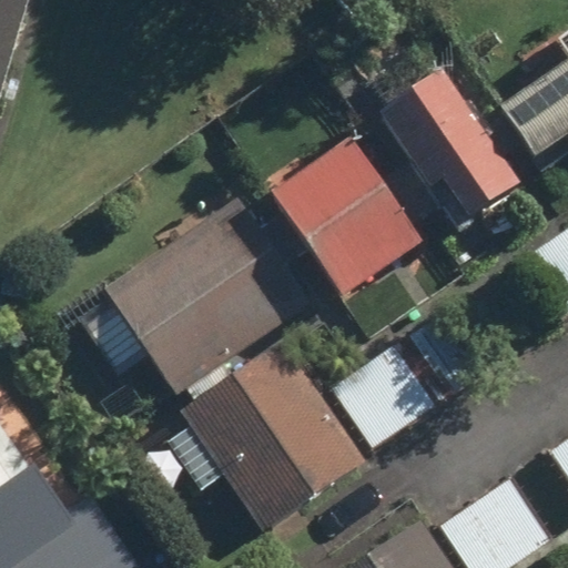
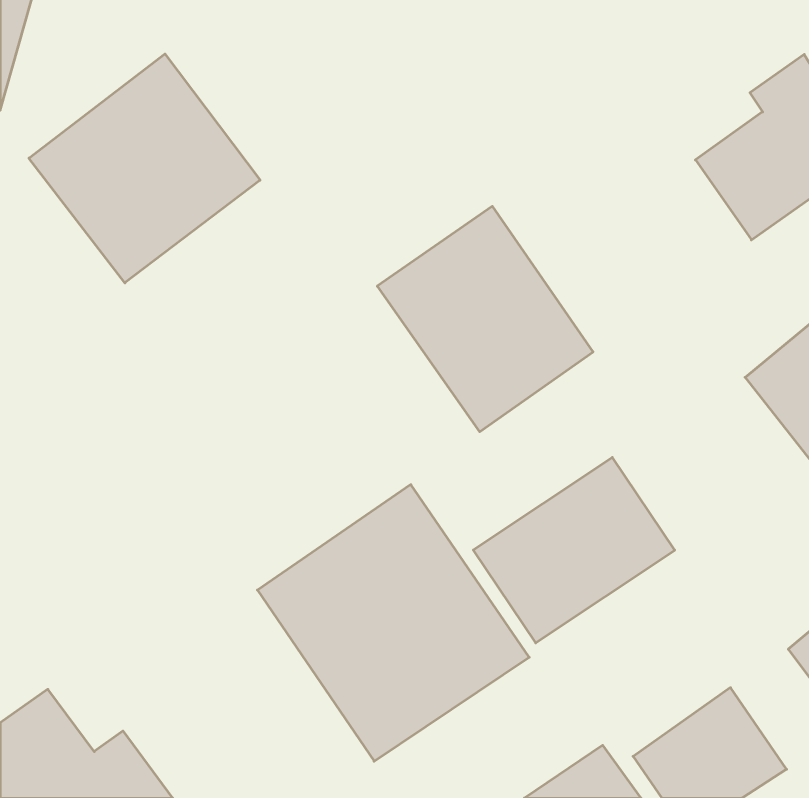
building: none -> [29,54,260,283]
building: [378,72,520,227] -> none
building: [79,195,307,390] -> none

